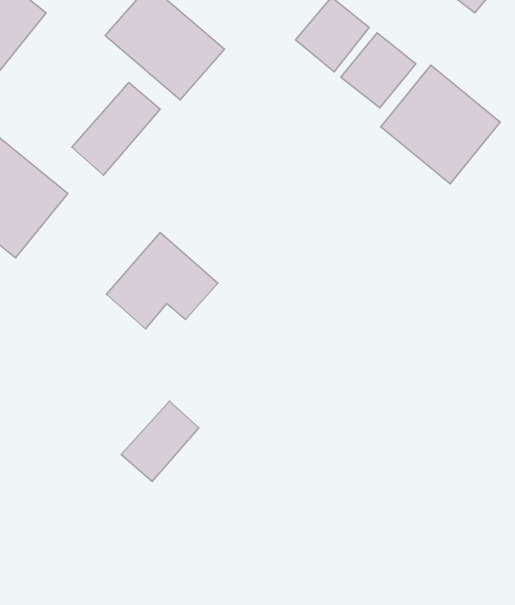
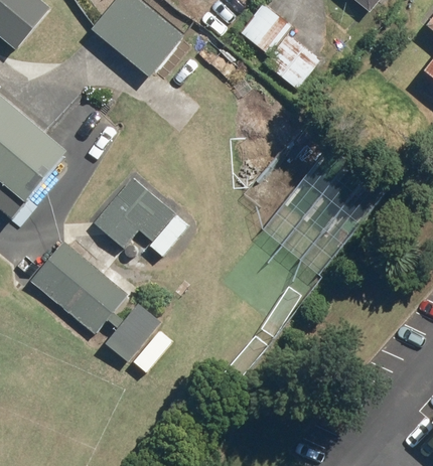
building: [381,65,500,184] -> none
building: [72,83,160,175] -> none
building: none -> [28,240,129,335]

